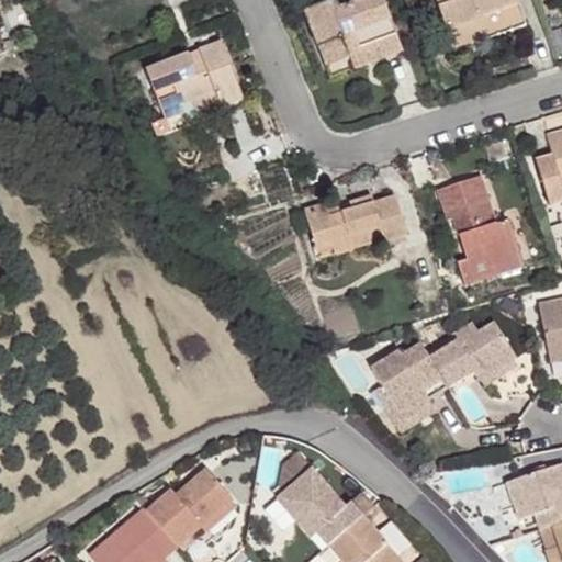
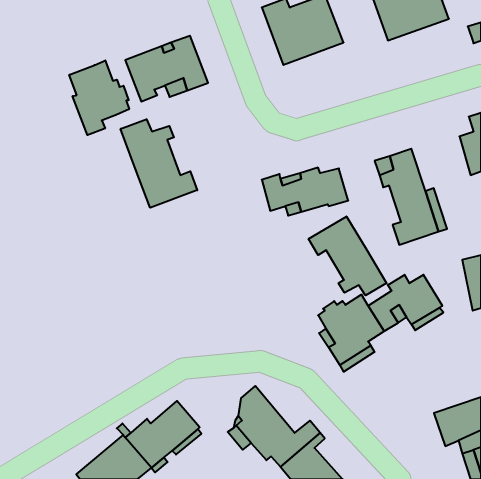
building: none -> [69,60,129,135]
building: none -> [121,119,197,208]
building: none -> [309,216,387,295]

